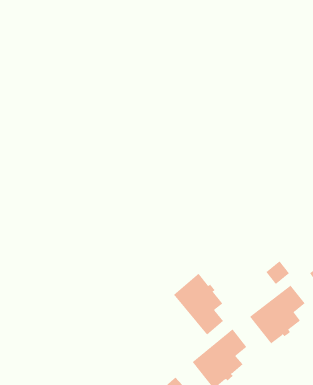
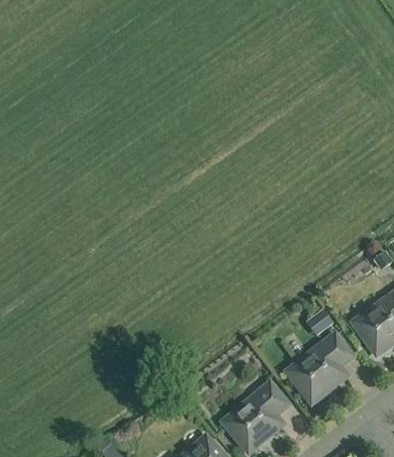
building: [173,273,224,336] -> none

